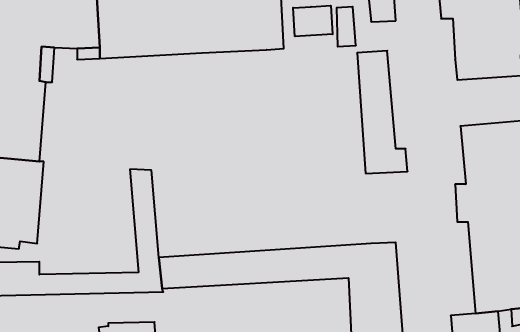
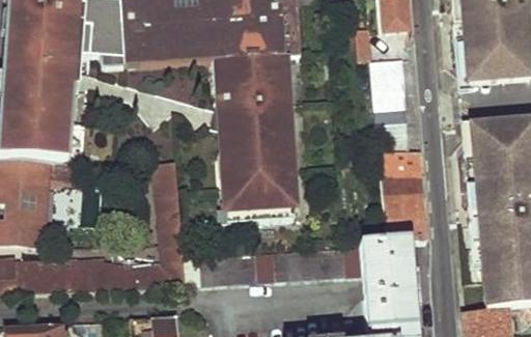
building: [293,6,333,36] -> none
building: none -> [215,54,294,221]
building: none -> [381,171,426,241]

